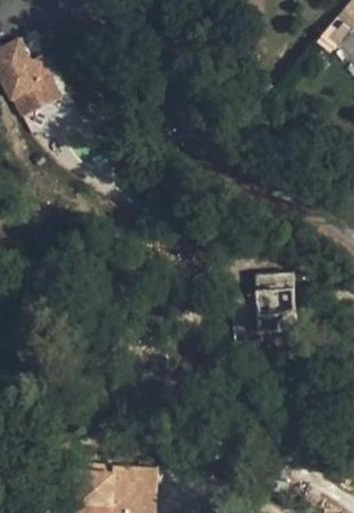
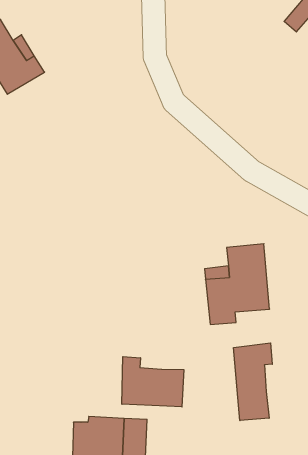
building: none -> [234,343,272,421]
building: none -> [122,357,184,407]

